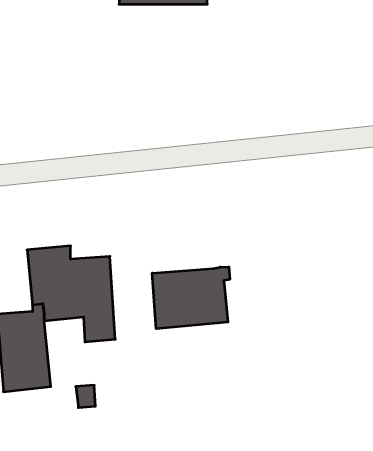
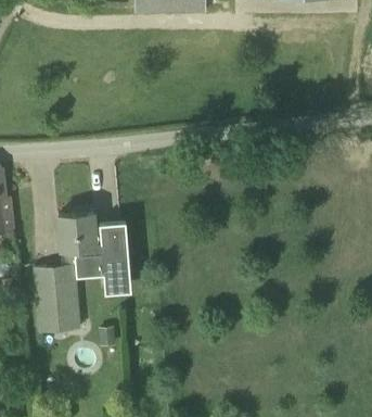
building: [152,267,230,329] -> none

